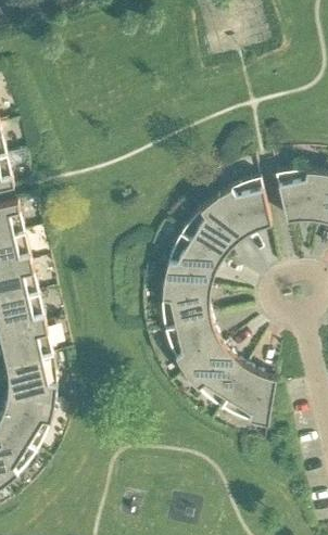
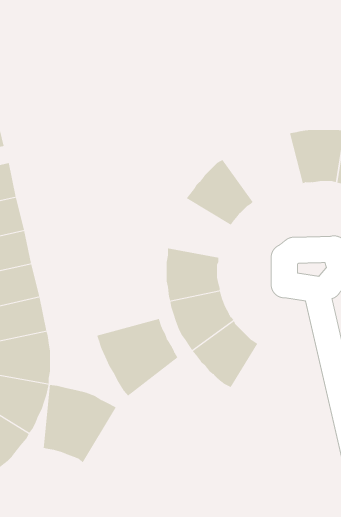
building: [213,178,270,238] -> none
building: [162,234,220,289] -> none
building: none -> [96,318,178,397]
building: [220,368,275,425] -> none
building: none -> [43,384,117,463]

